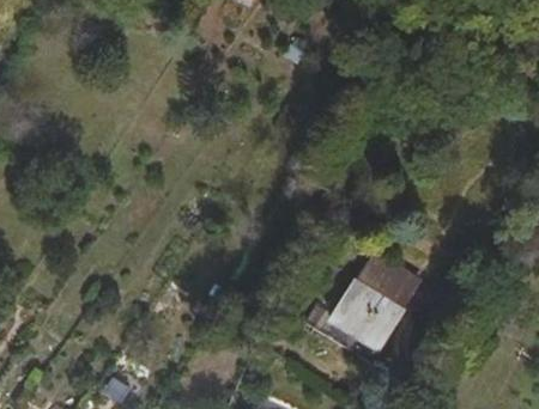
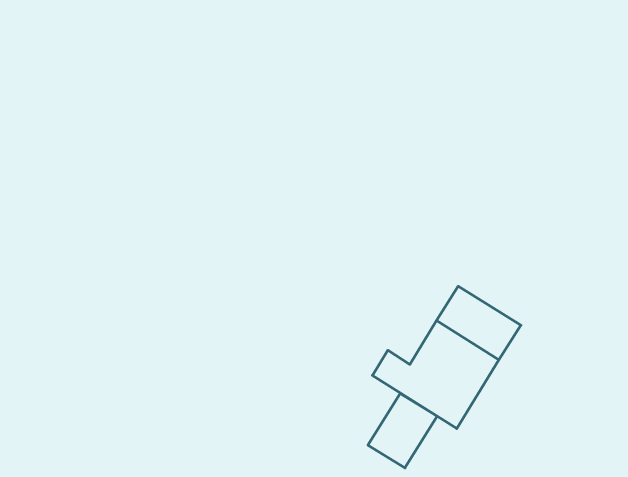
building: none -> [368,393,437,468]

